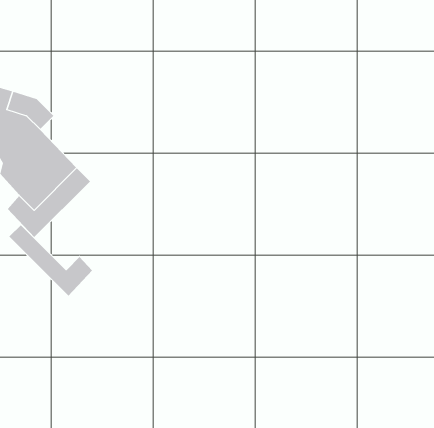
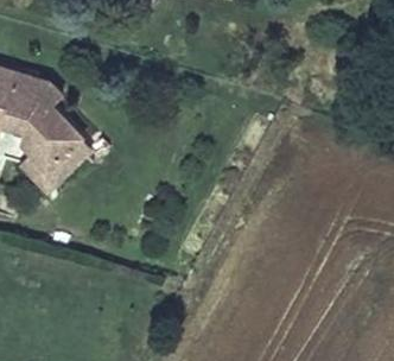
building: [9,224,93,297] -> none

